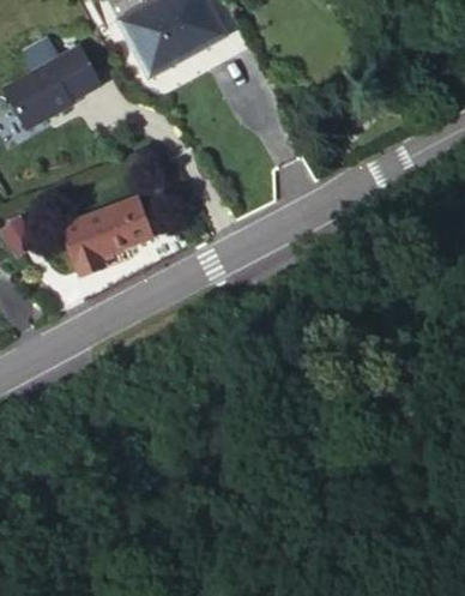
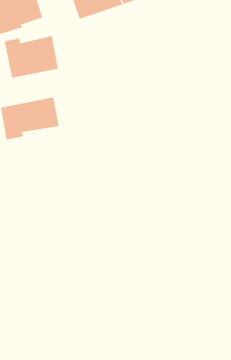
building: none -> [4,35,58,78]

